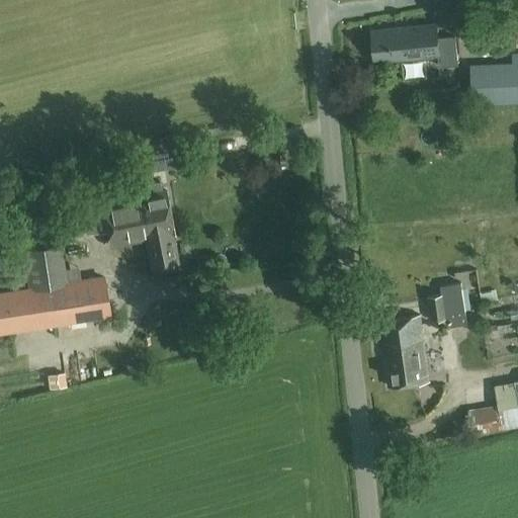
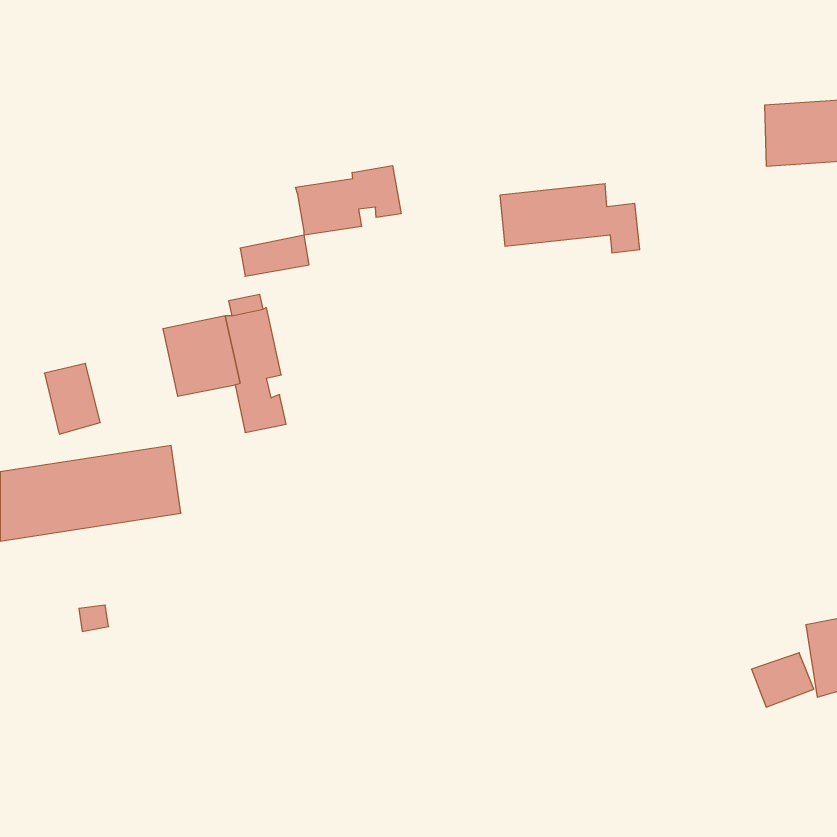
building: [372,24,458,67] -> [500,184,640,253]
building: none -> [296,166,401,235]
building: [429,282,468,327] -> none
building: [382,317,431,388] -> none

